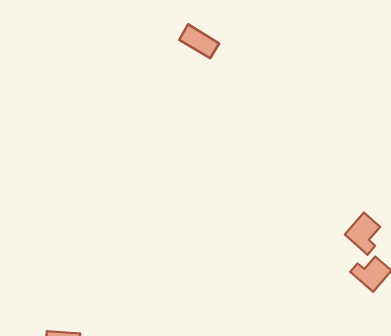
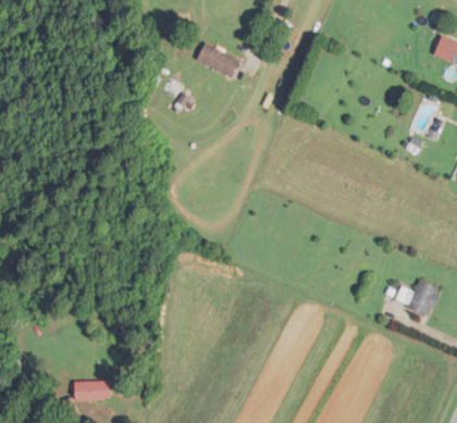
building: [345,212,380,255] -> none

